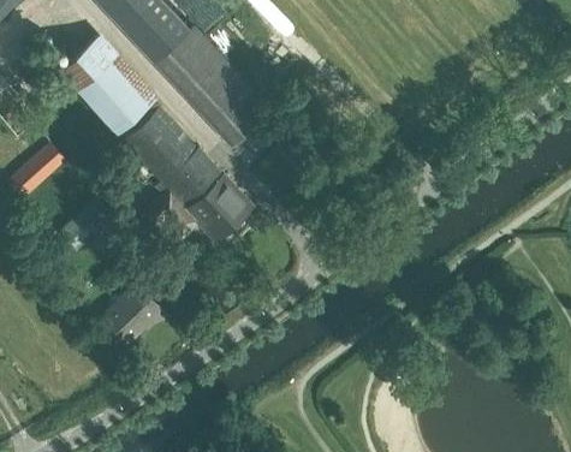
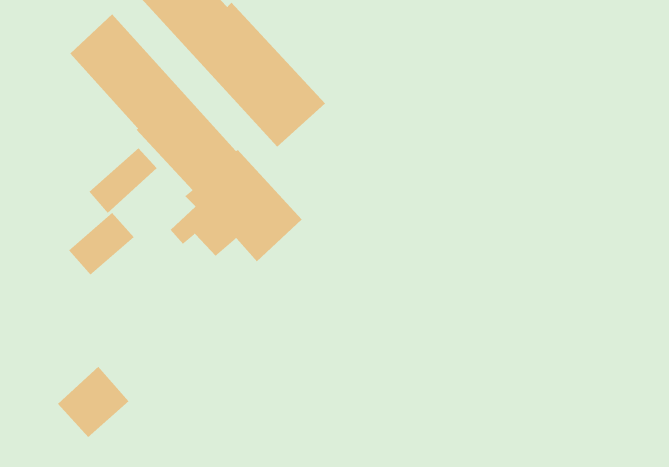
building: [11,142,67,196] -> [88,148,158,214]
building: [102,281,161,340] -> [57,366,129,438]

